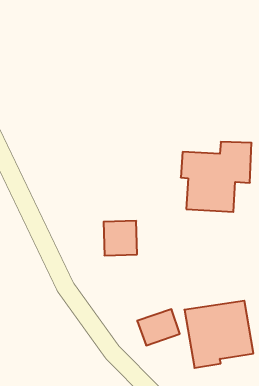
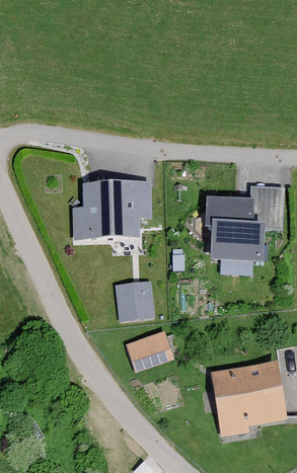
building: none -> [71,181,150,239]
building: [137,309,180,345] -> [125,332,172,373]

